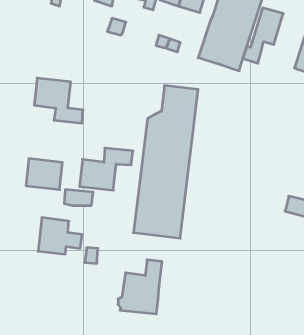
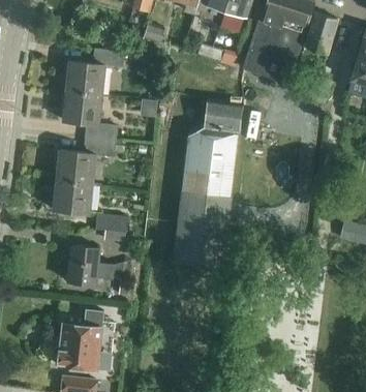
building: none -> [66,48,125,94]
building: [80,148,133,190] -> [57,137,116,183]
building: [118,260,162,314] -> [55,308,103,368]

